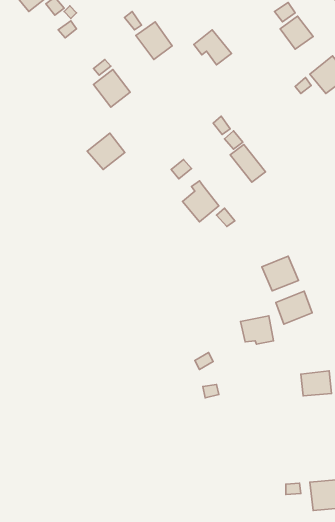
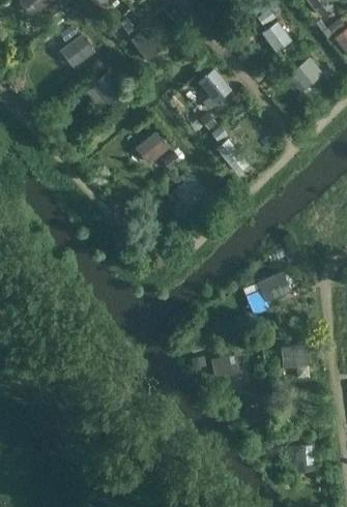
building: [194,30,231,65] -> [198,68,232,100]
building: none -> [60,34,95,68]
building: [87,133,125,170] -> [136,131,170,165]
building: [262,256,299,291] -> none
building: [240,316,273,344] -> [211,354,241,380]

